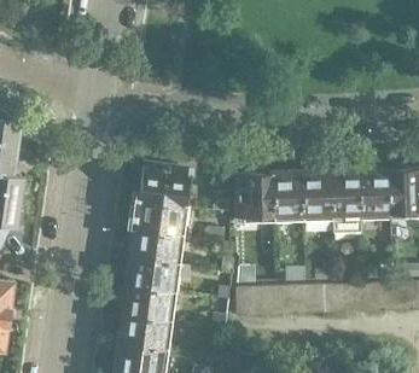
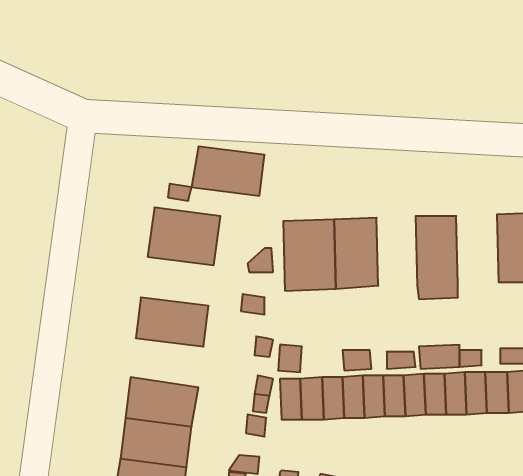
building: [360,170,390,220] -> none
building: [303,171,332,221] -> none
building: [135,200,187,235] -> [192,147,265,196]
building: [128,258,180,293] -> none

